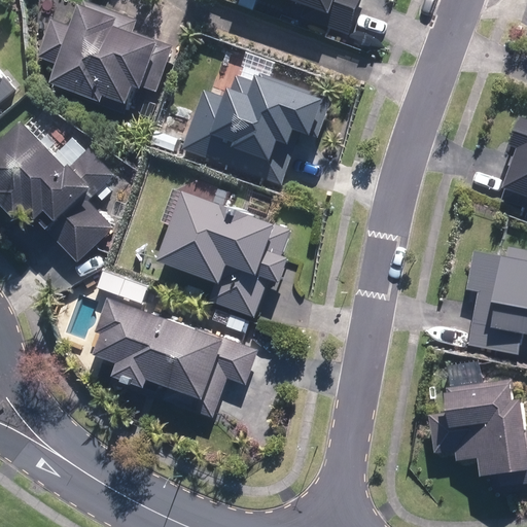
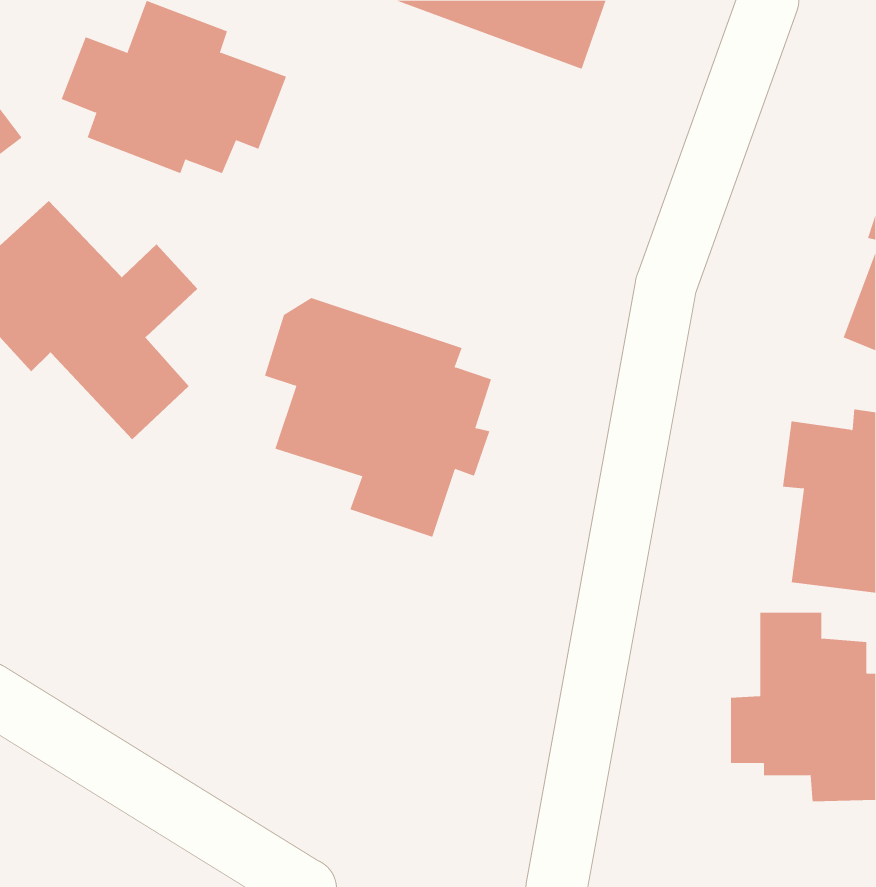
building: [180,59,336,187] -> none
building: [94,265,254,420] -> none

